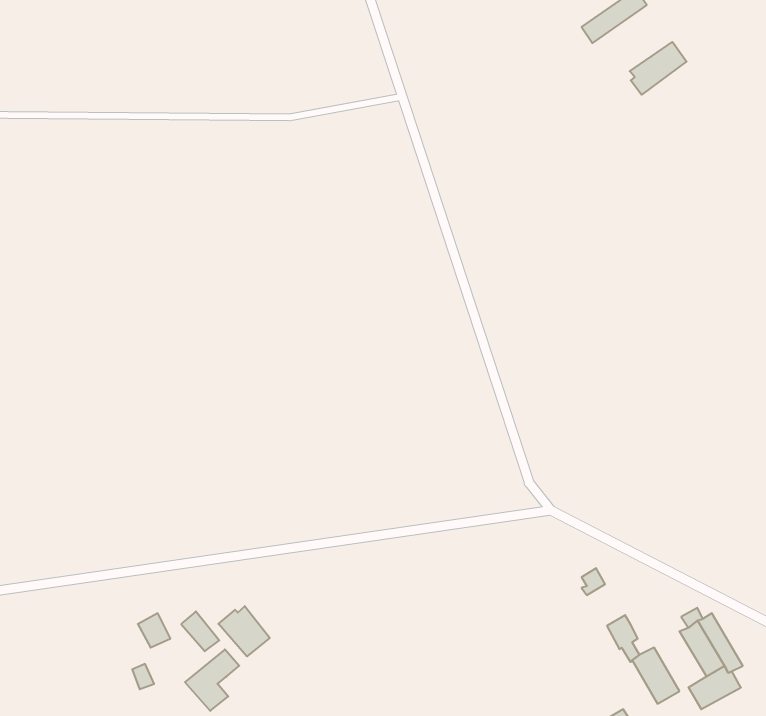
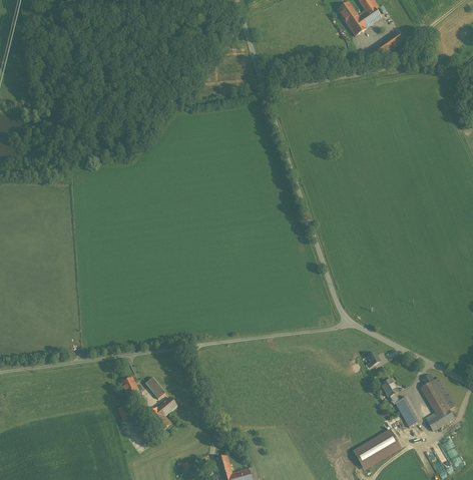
building: [630,42,687,95] -> none
building: [218,606,270,656] -> none

